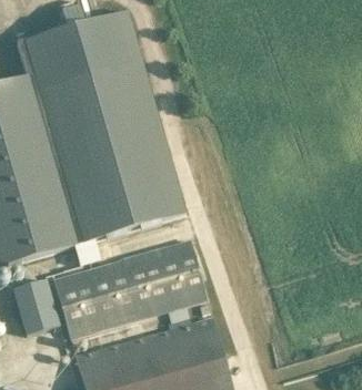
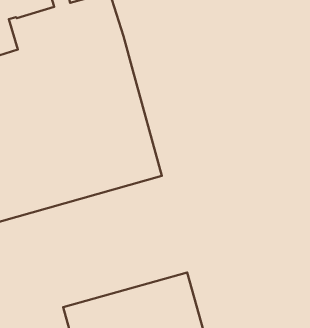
building: [54,243,208,341] -> none
building: [12,278,59,335] -> none

